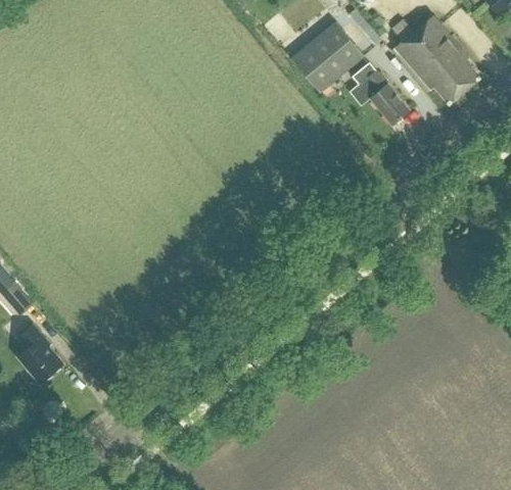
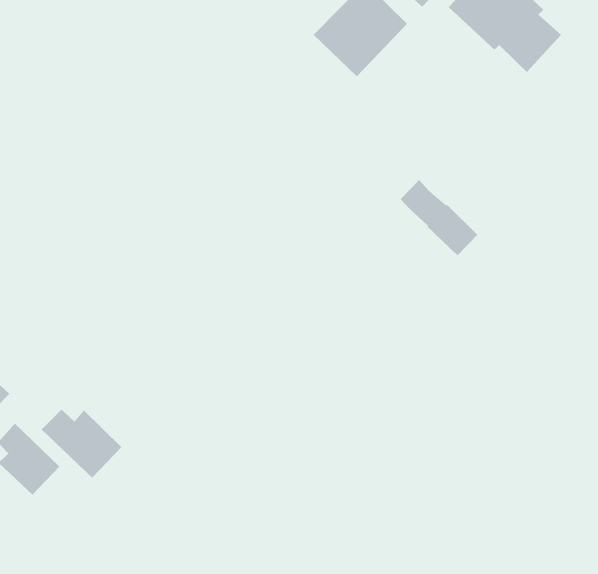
building: [353,64,409,126] -> [400,179,478,256]
building: none -> [41,409,122,479]

